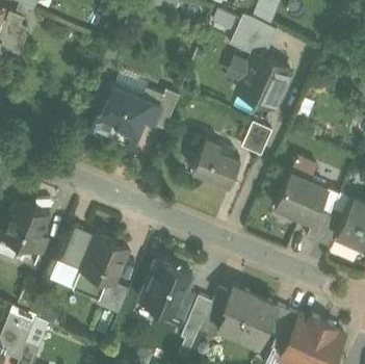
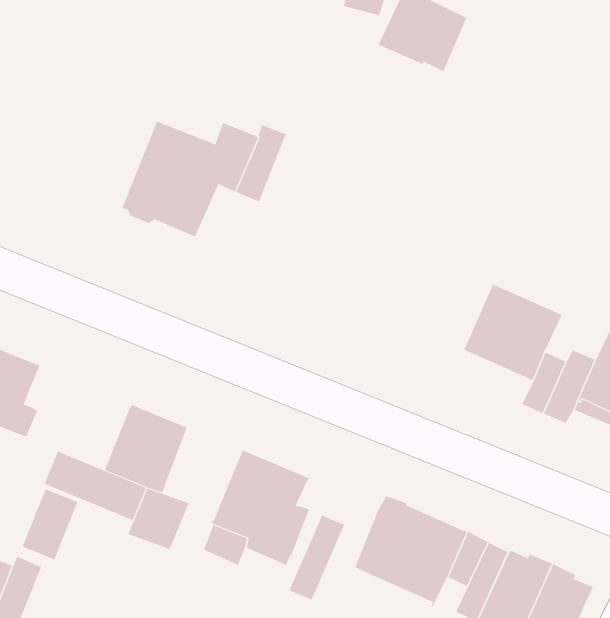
building: [237,53,291,108] -> none
building: [241,122,271,154] -> none
building: [197,137,239,186] -> none
building: [66,233,96,271] -> [22,488,78,560]
building: [200,287,230,337] -> none

